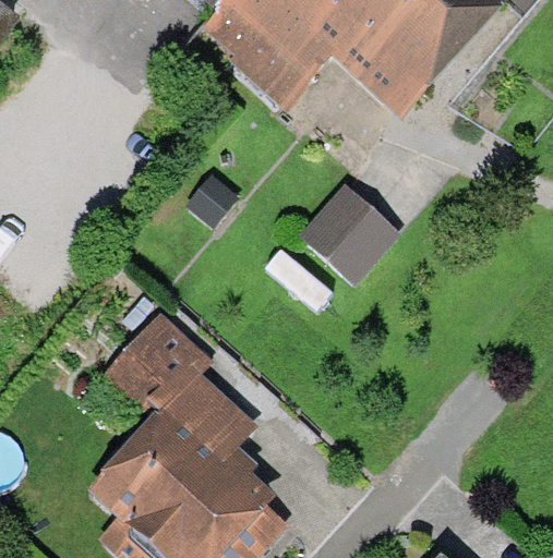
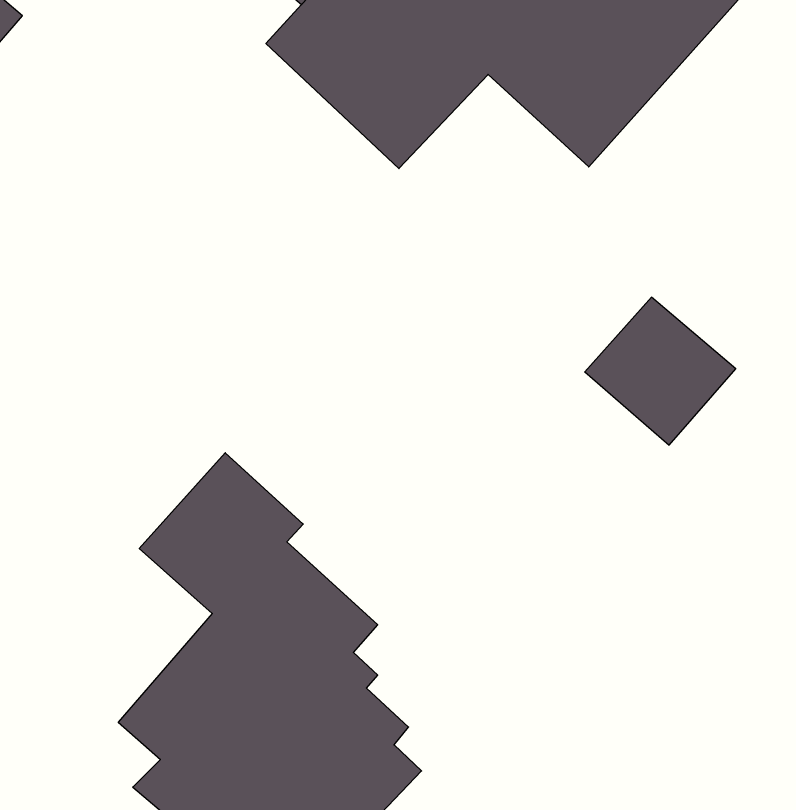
building: [297,193,398,292] -> [585,297,736,445]

